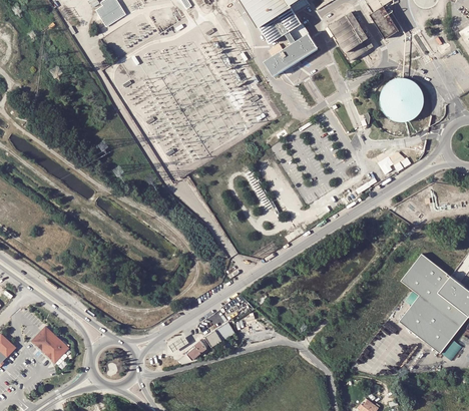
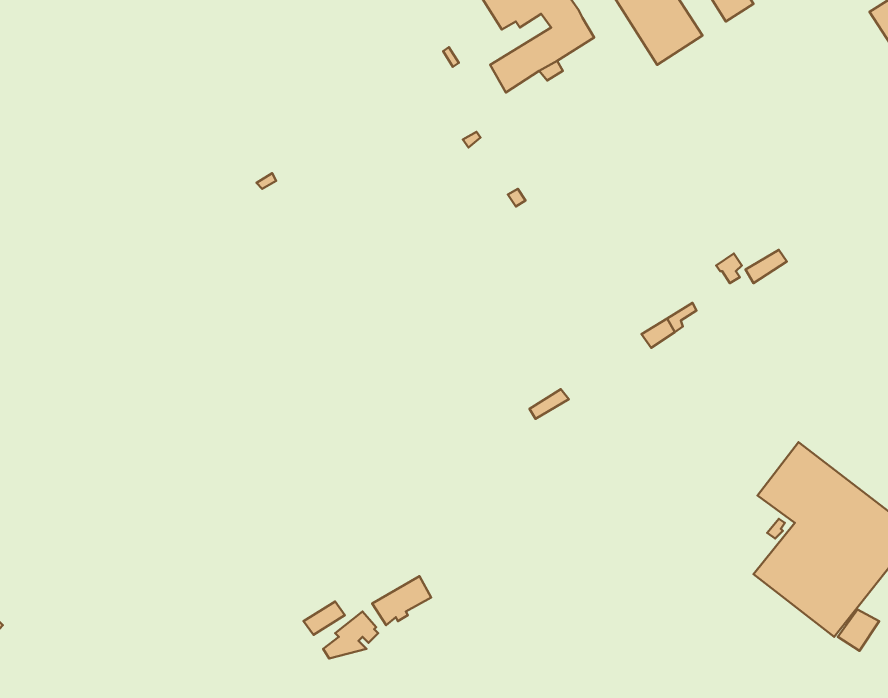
building: [379,78,423,122] -> none
building: [31,326,67,362] -> none

